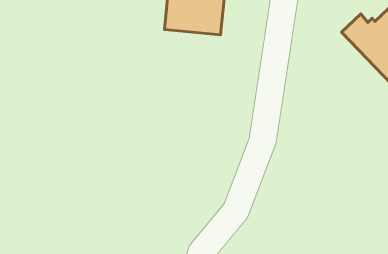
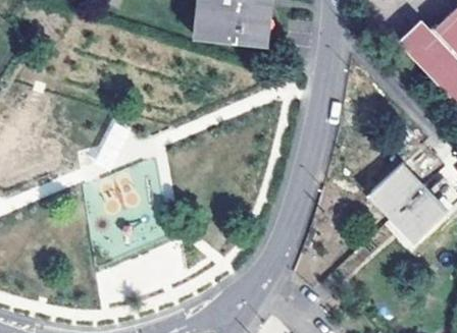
building: none -> [371,164,448,241]

